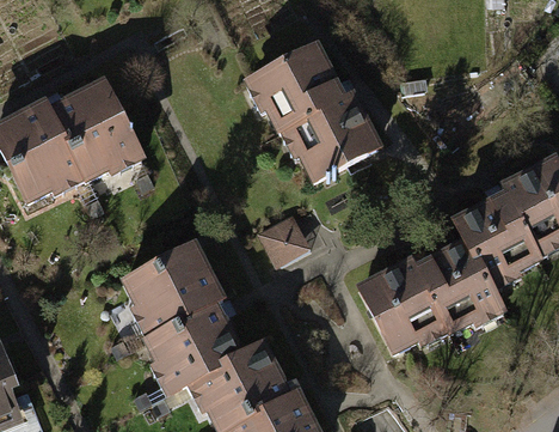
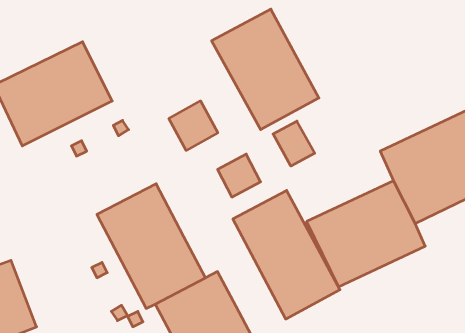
building: none -> [169,101,218,150]
building: none -> [273,121,315,166]
building: none -> [233,190,340,319]

